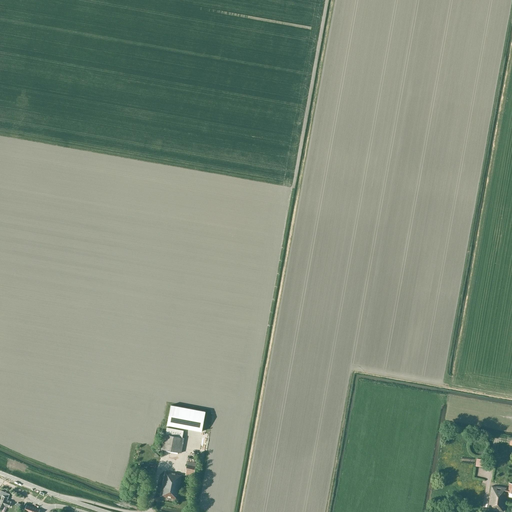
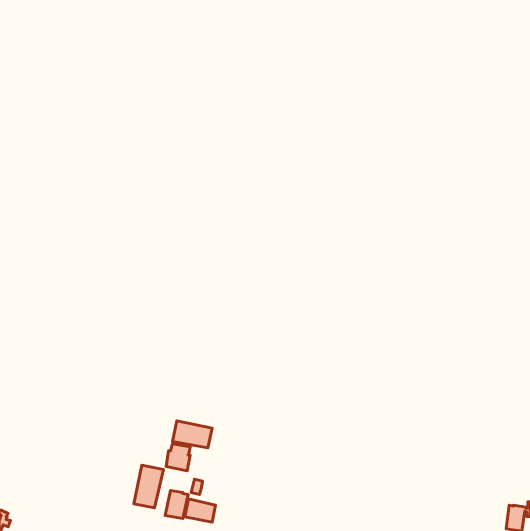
building: none -> [134,465,163,508]
building: none -> [185,499,216,522]

